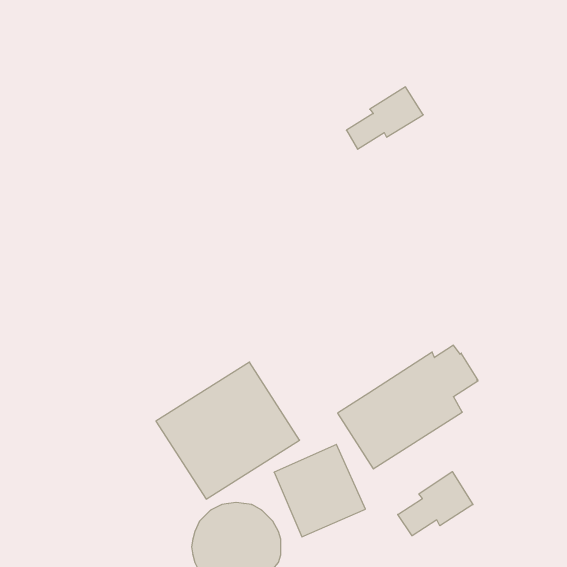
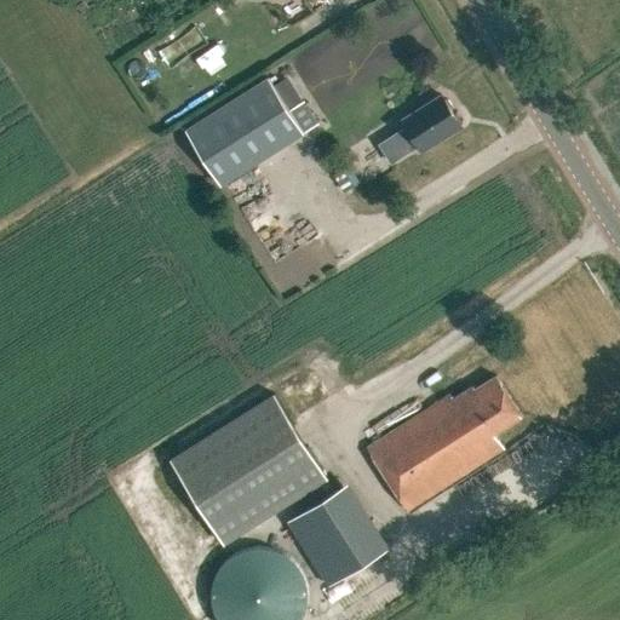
building: none -> [184,79,315,185]
building: [398,472,473,536] -> none

